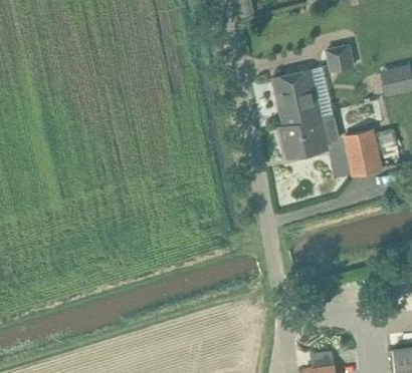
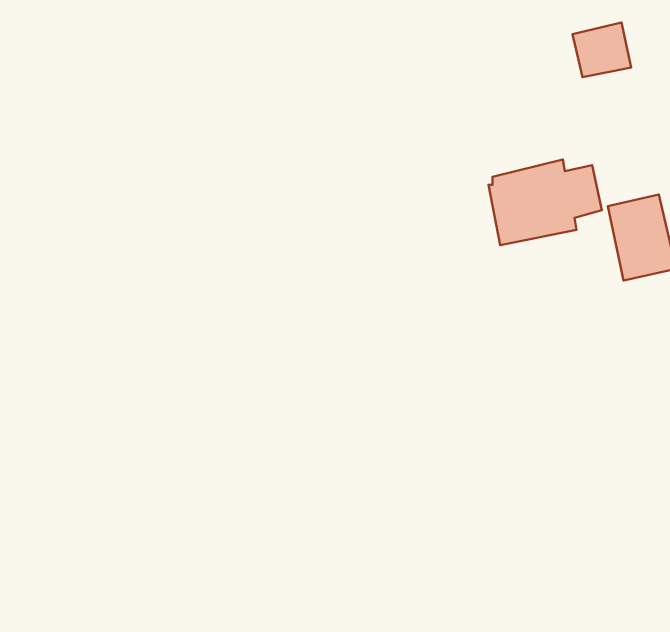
building: [273,69,320,122] -> none

